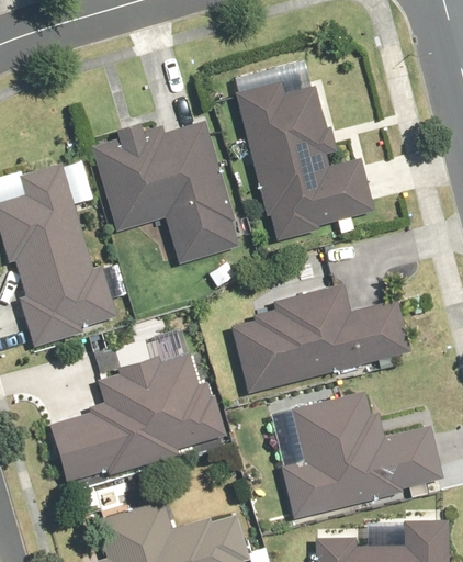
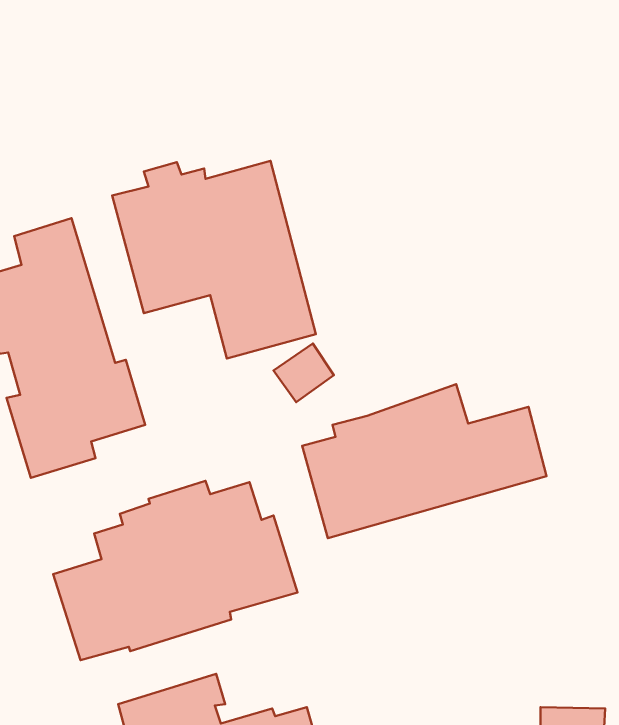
building: [233,79,372,241] -> none
building: [278,390,451,520] -> none

